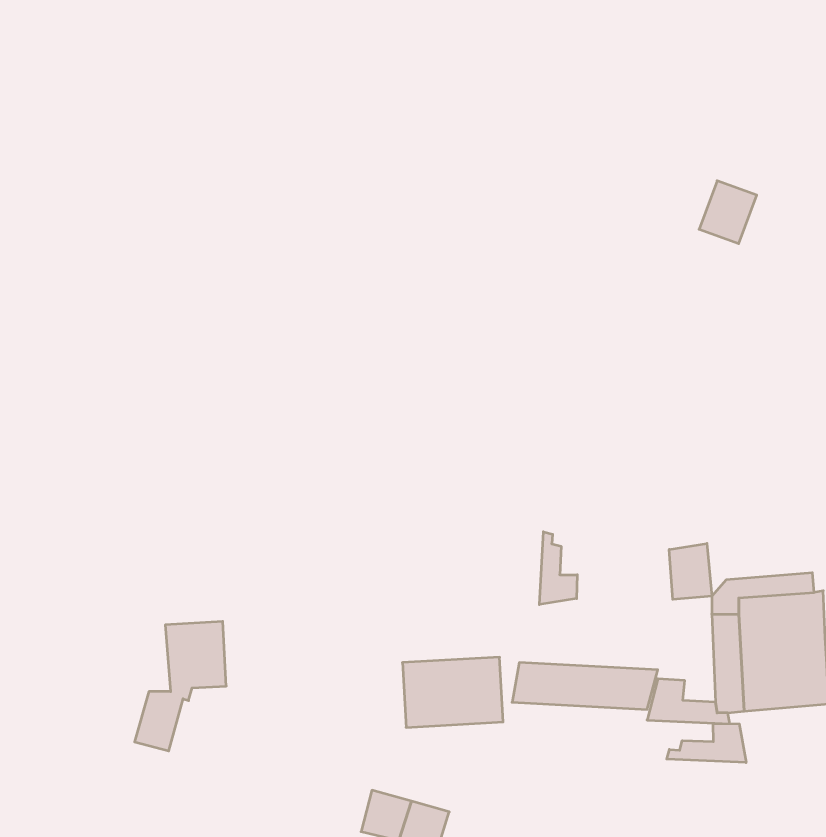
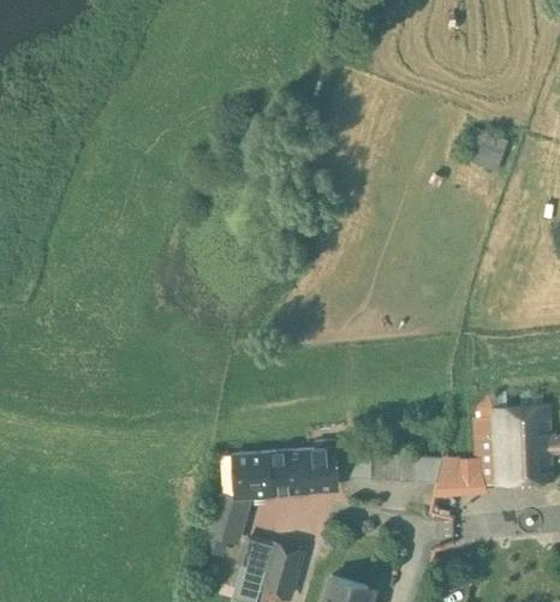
building: [539,532,577,605] -> none
building: [669,543,712,599] -> none
building: [135,621,226,751] -> [213,452,274,538]
building: [667,723,746,763] -> none

